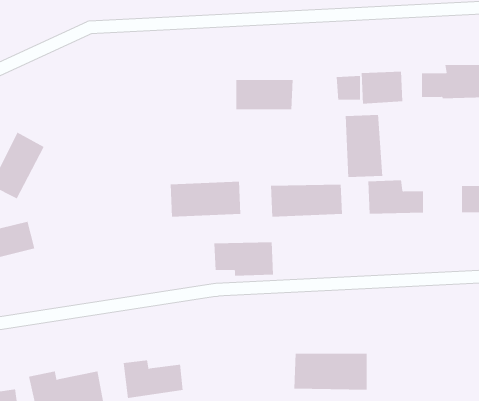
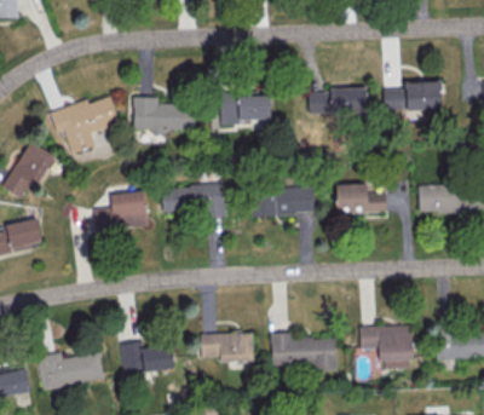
building: none -> [51,96,120,151]
building: none -> [134,96,196,131]
building: [345,114,383,178] -> none
building: none -> [93,190,148,230]
building: [213,242,274,276] -> [201,332,254,362]
building: none -> [361,324,413,368]

